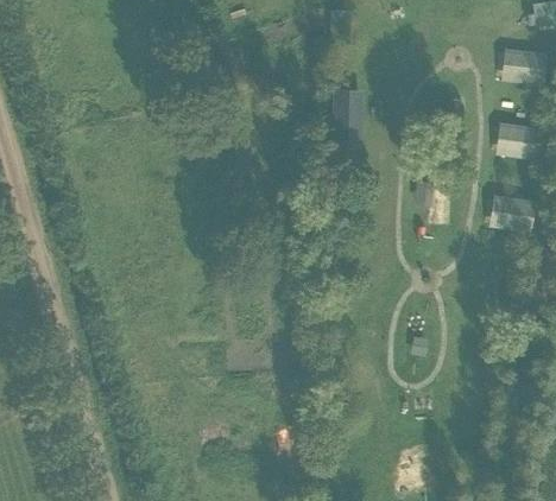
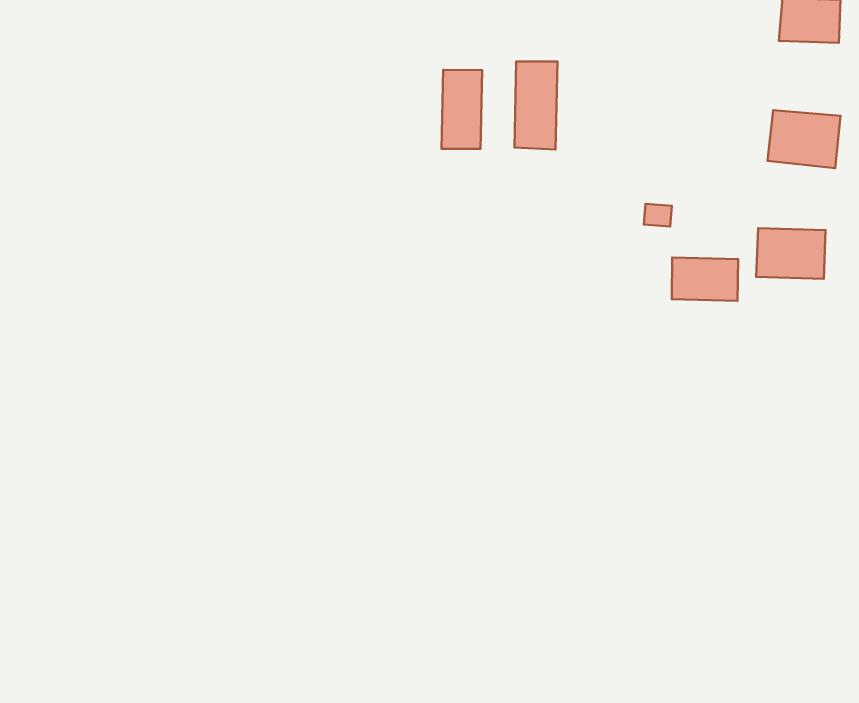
building: none -> [442,70,482,149]
building: none -> [672,257,738,301]

